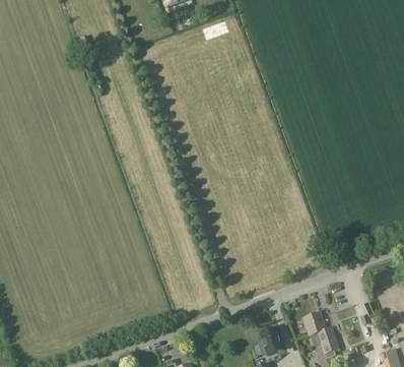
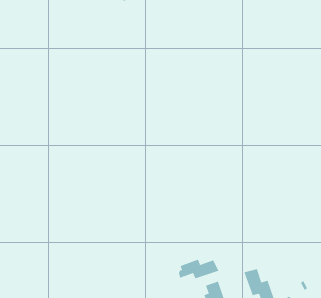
building: none -> [178,259,219,279]

